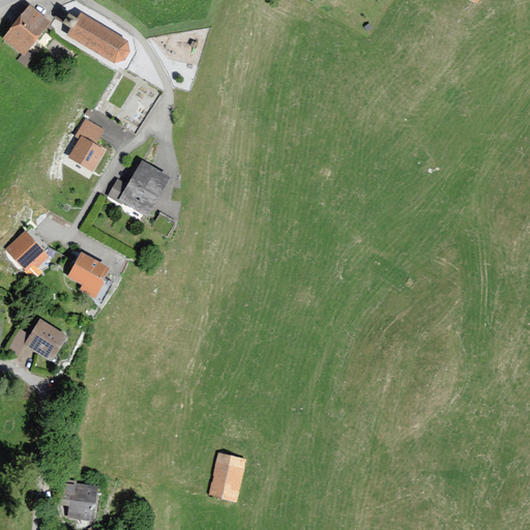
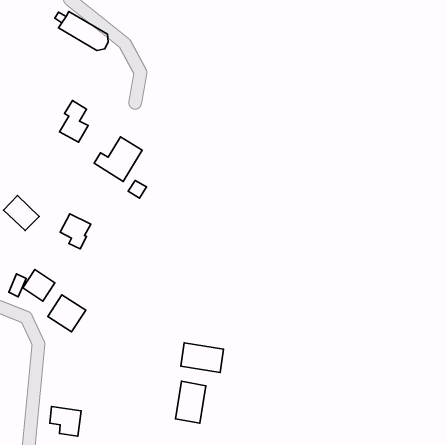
building: [7,8,48,51] -> none
building: none -> [48,295,86,332]
building: none -> [181,343,224,372]

